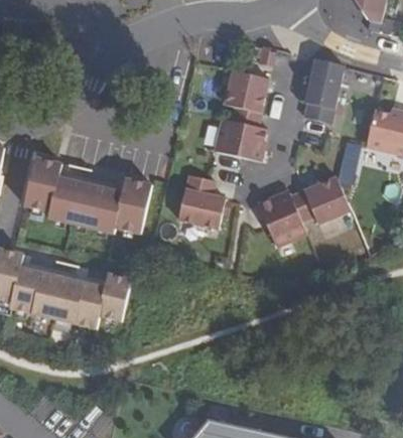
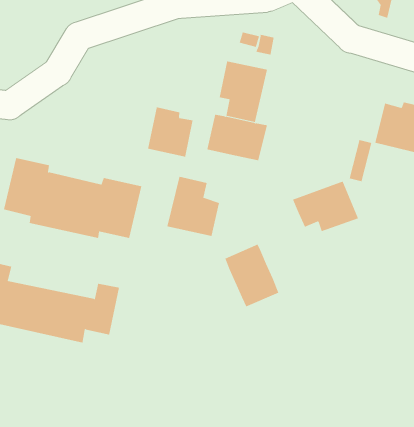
building: [303,58,343,123] -> none
building: none -> [147,107,193,158]
building: [257,190,306,248] -> [225,244,279,307]

